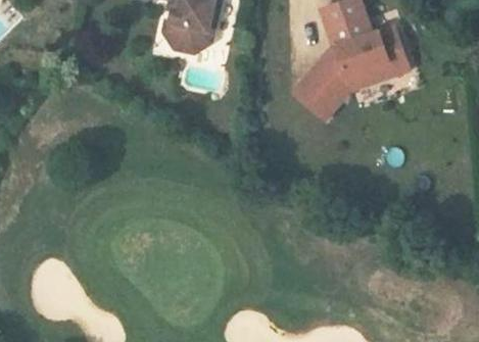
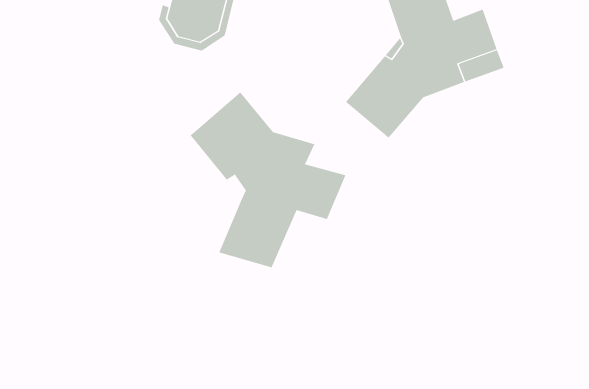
building: none -> [190,92,346,268]

